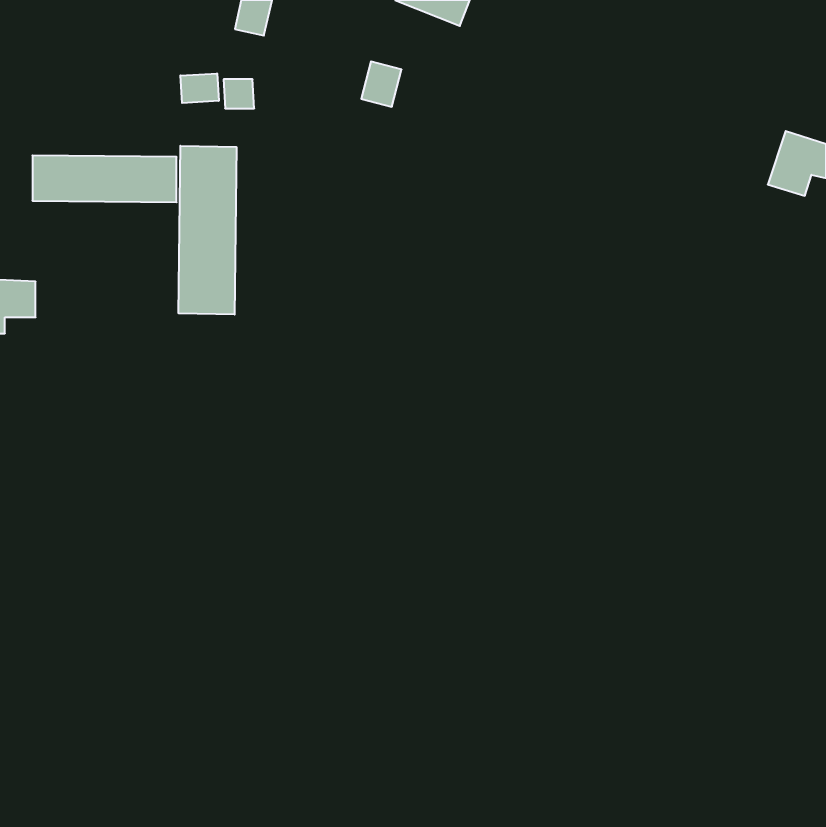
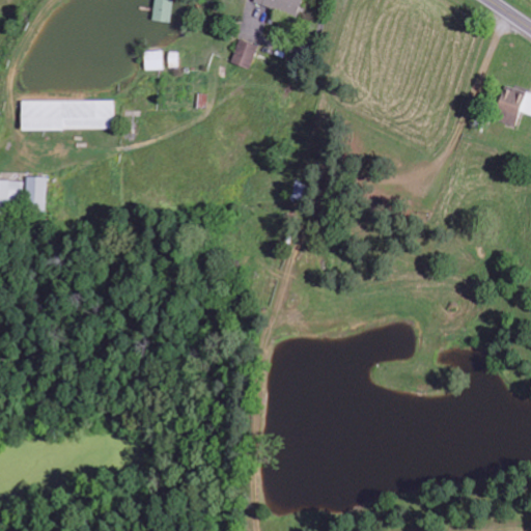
building: [180,73,219,103] -> none
building: [179,146,236,315] -> none
building: none -> [26,176,47,212]

